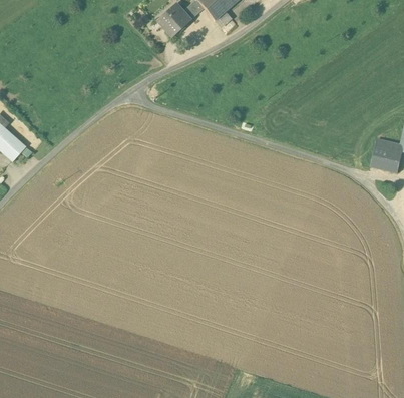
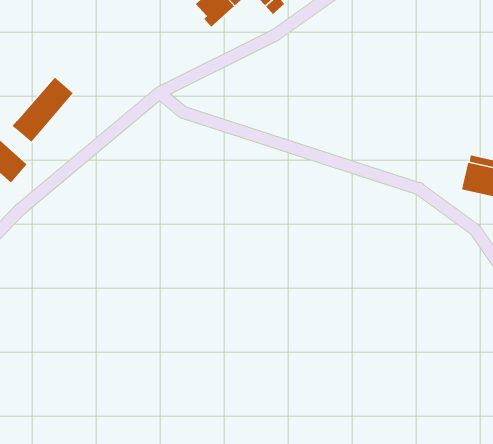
building: none -> [12,77,74,143]

